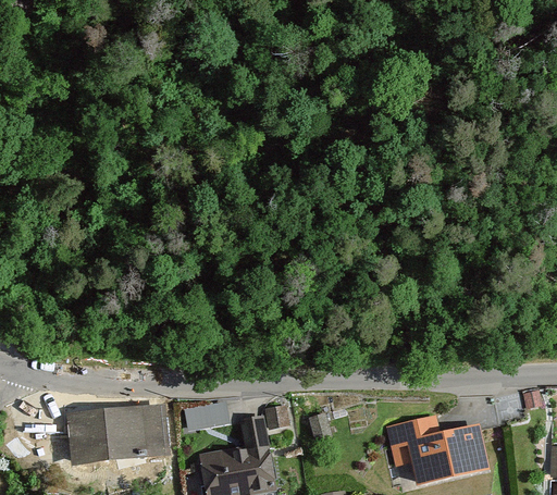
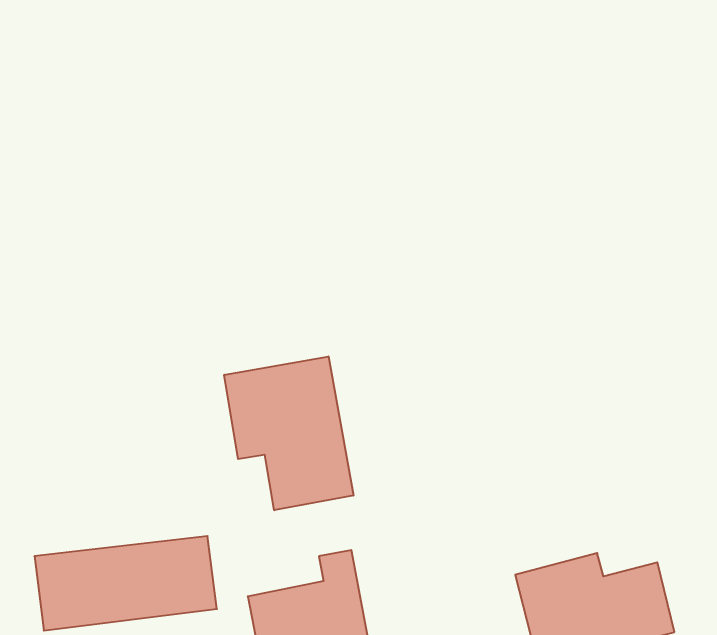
building: none -> [224,356,353,510]
building: [182,400,227,430] -> none

